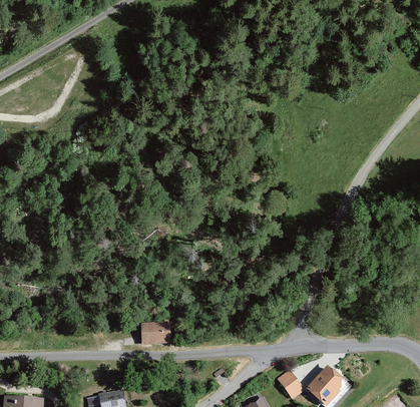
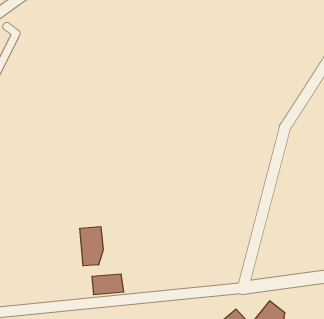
building: none -> [80,227,103,266]

